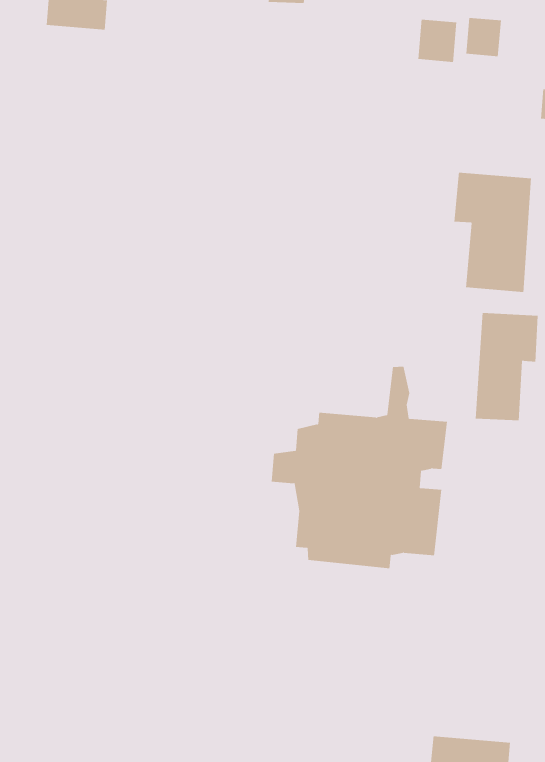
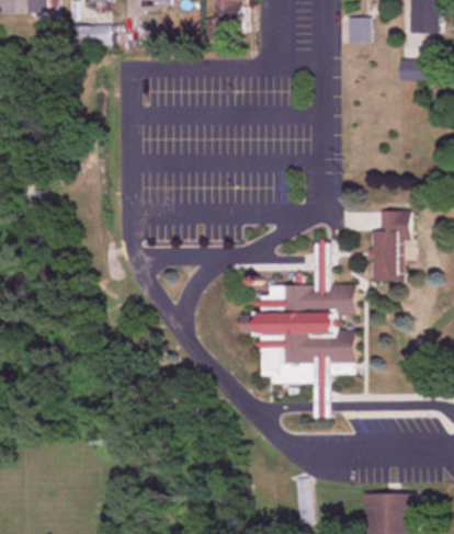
building: [418,19,457,63] -> none
building: [454,172,532,293] -> none

